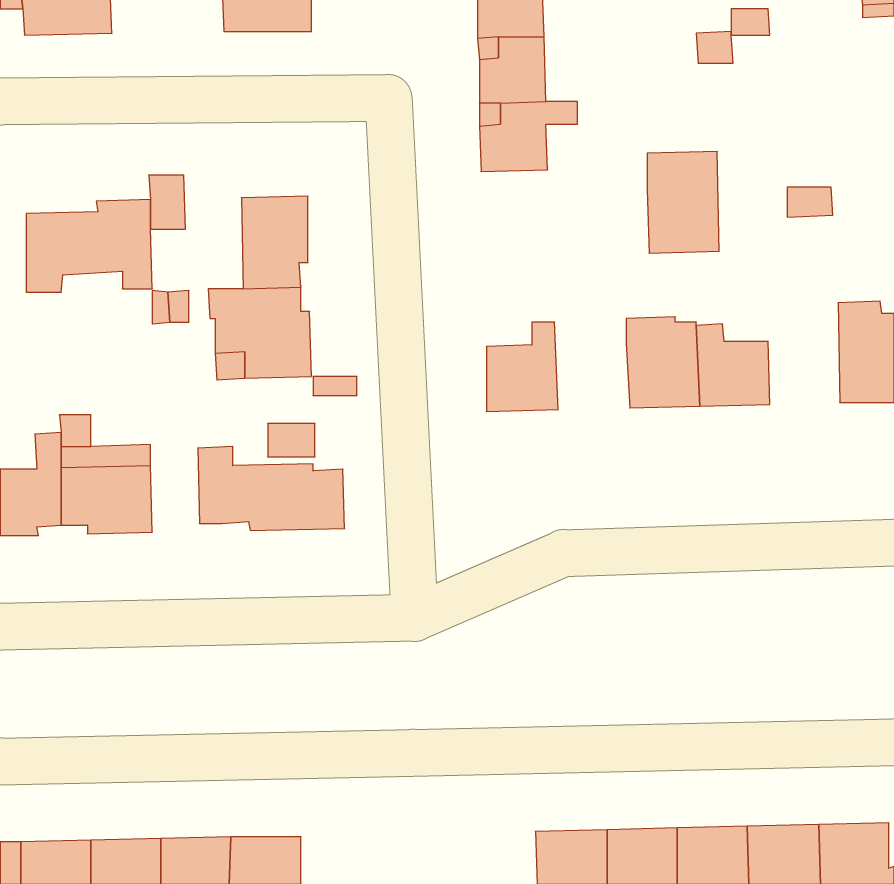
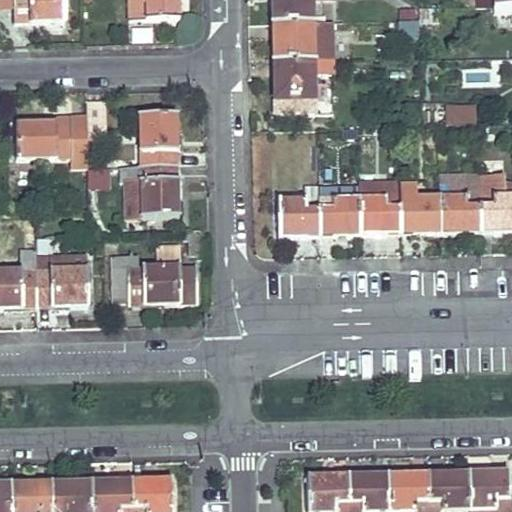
building: none -> [311,20,332,58]
building: [647,152,719,253] -> [439,173,480,231]
building: none -> [317,183,360,234]

